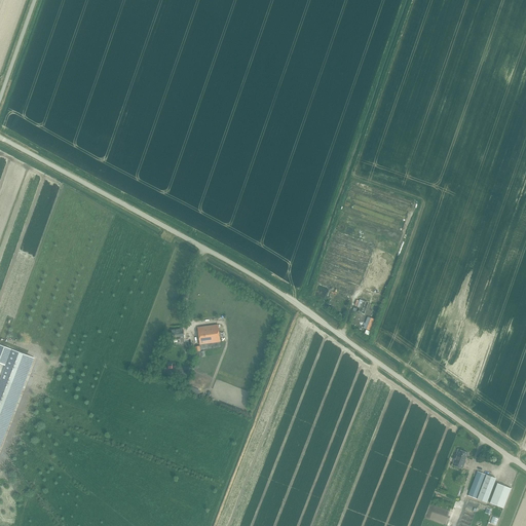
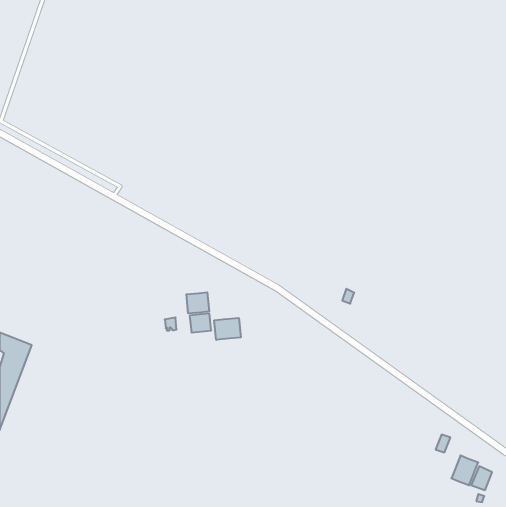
building: none -> [186,292,209,313]
building: none -> [214,318,241,340]

